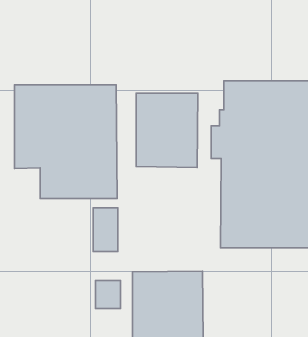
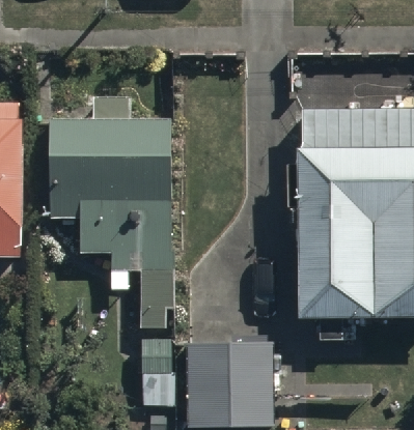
building: [136,93,198,167] -> none

